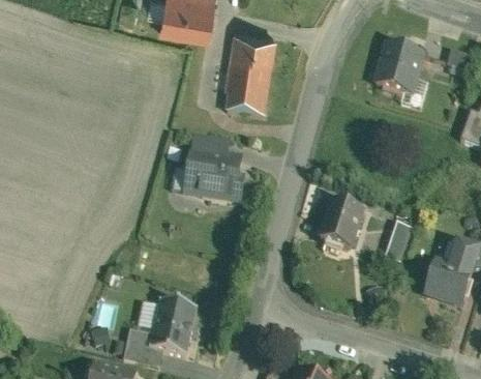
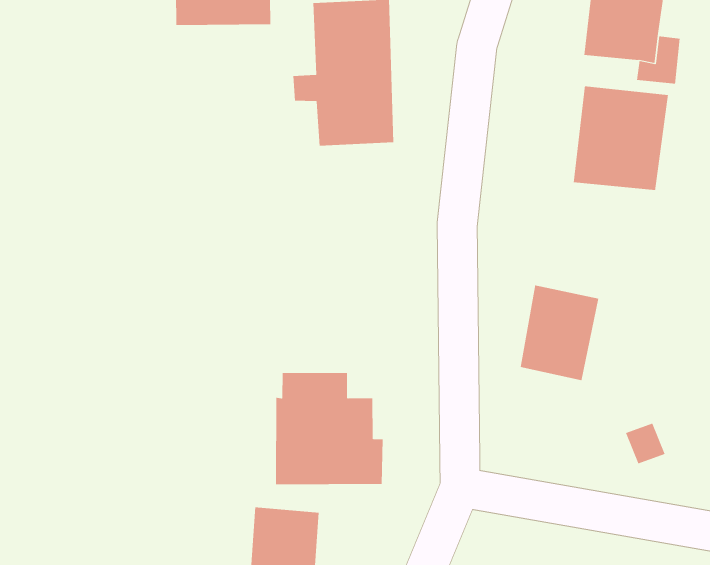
building: none -> [573,86,669,191]
building: [183,135,244,202] -> [275,372,383,485]
building: [383,220,413,261] -> none

